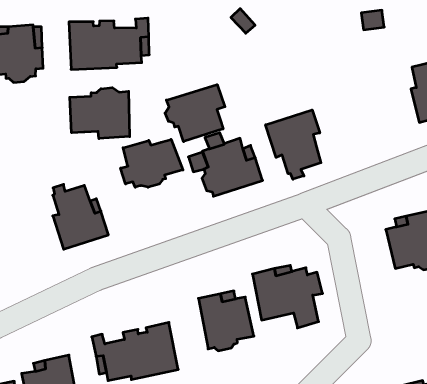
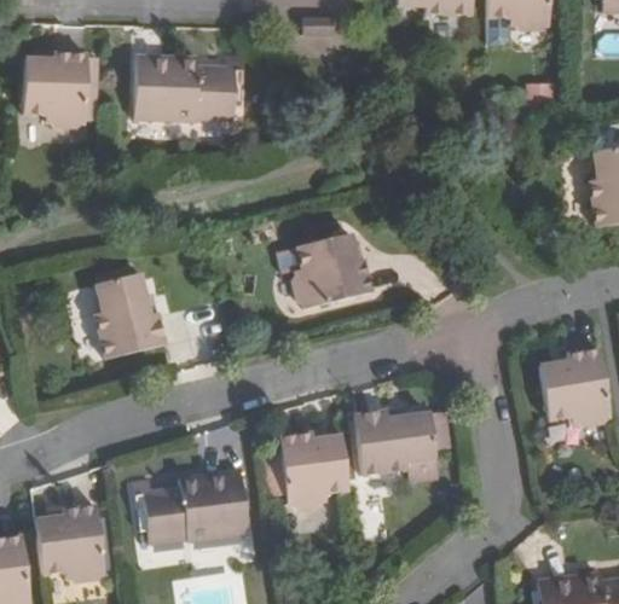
building: [165,85,225,142] -> none
building: [70,88,130,139] -> none
building: [266,110,321,179] -> none
building: [121,139,183,187] -> none

